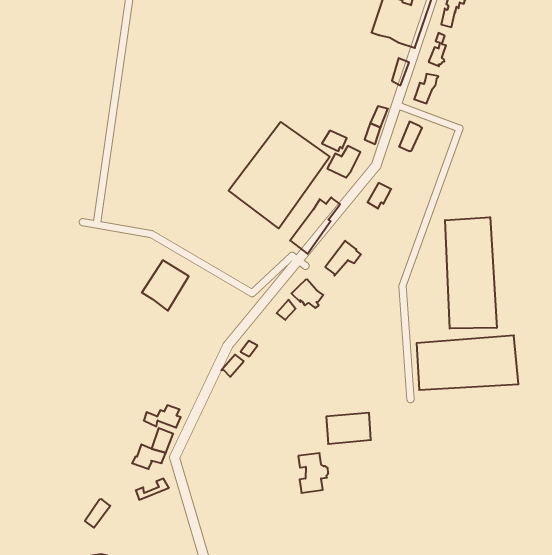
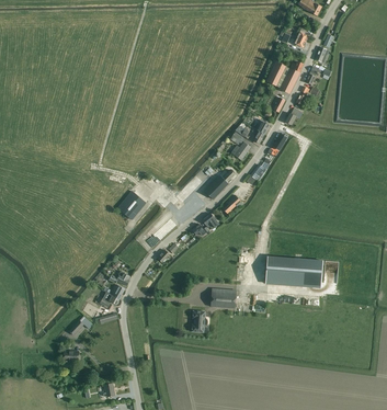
building: [229,122,330,228] -> none
building: [445,217,497,329] -> none

